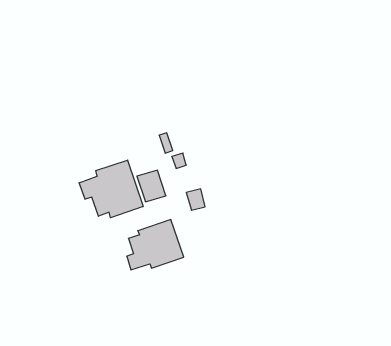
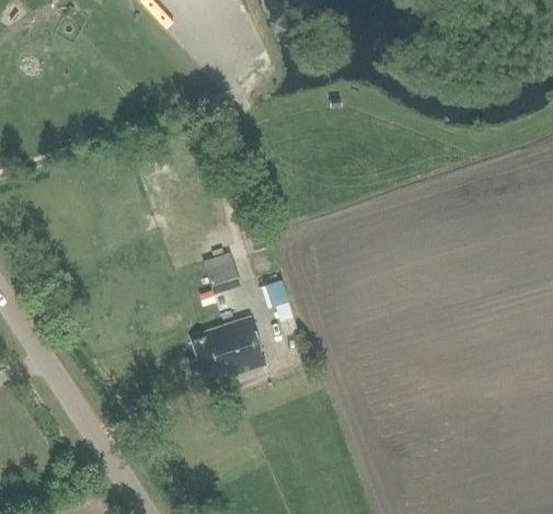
building: [79,160,143,218] -> none

